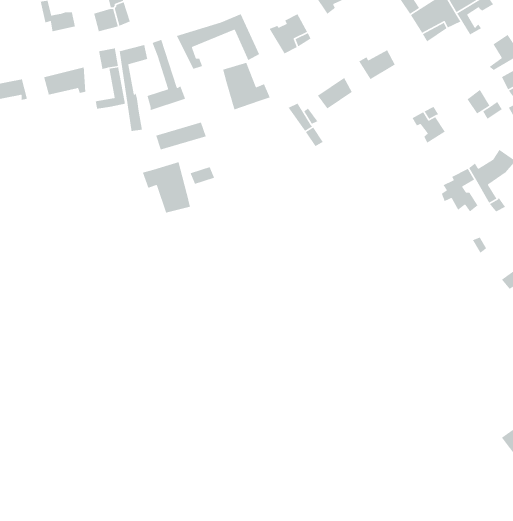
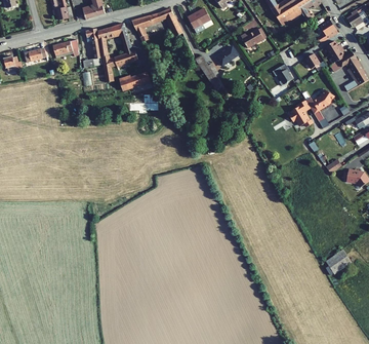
building: [222,62,271,111] -> none
building: [142,161,191,214] -> none

